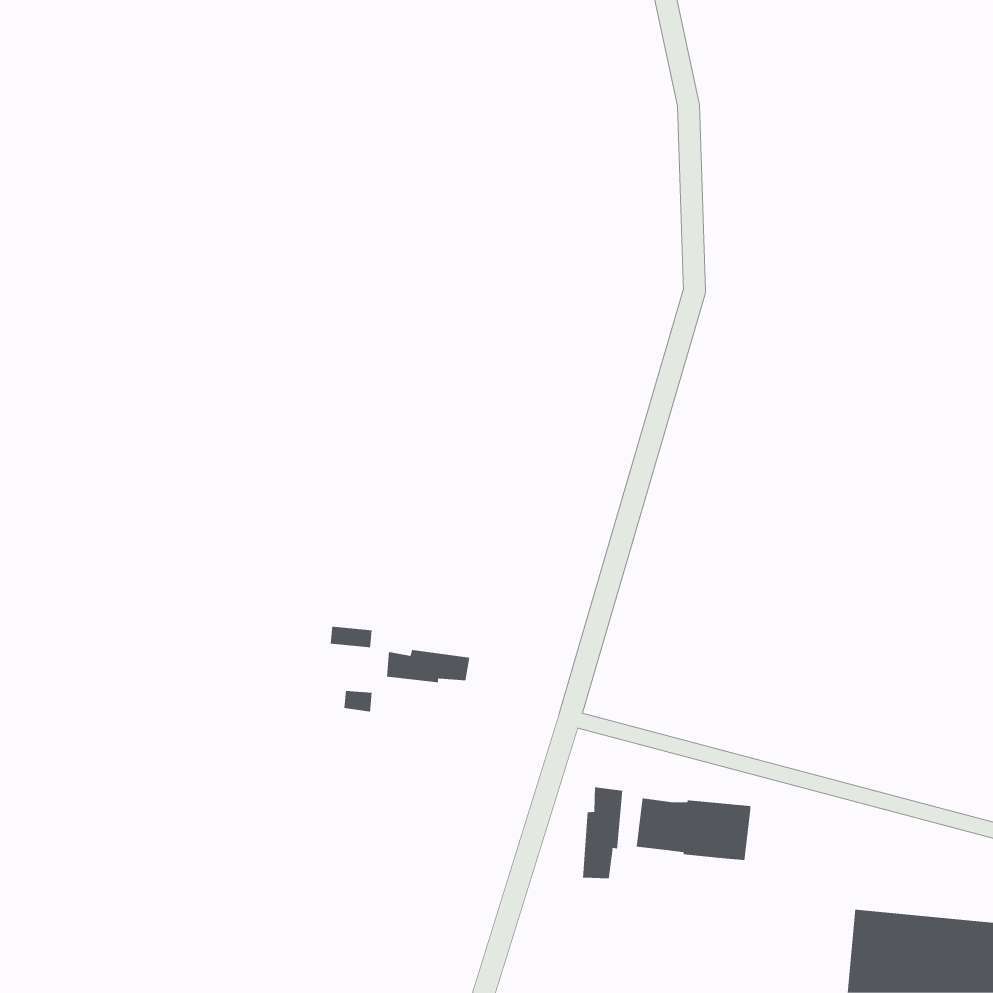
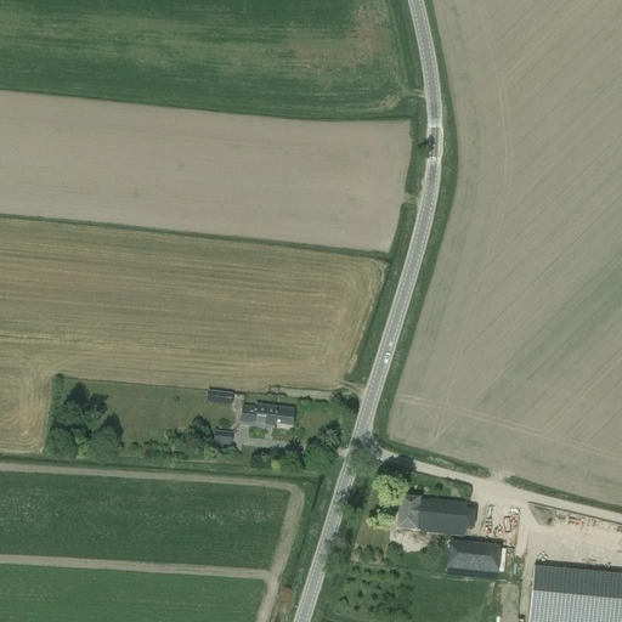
building: [582,787,623,879] -> none
building: none -> [448,539,503,577]

